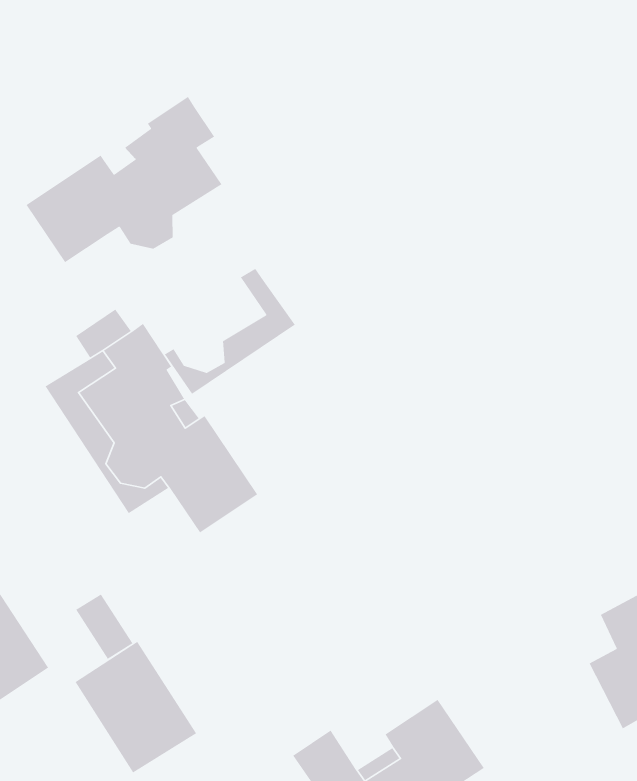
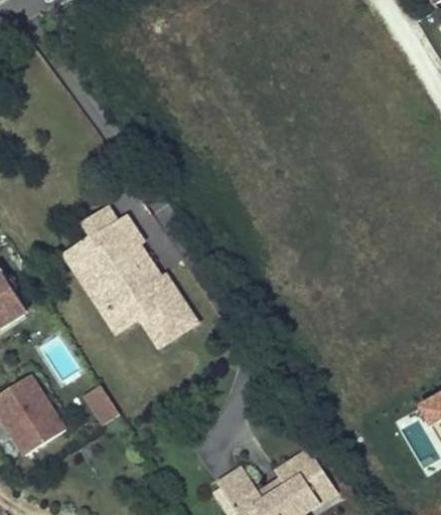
building: [25,96,223,263] -> none
building: [164,268,296,395] -> none
building: [75,641,197,774] -> none

